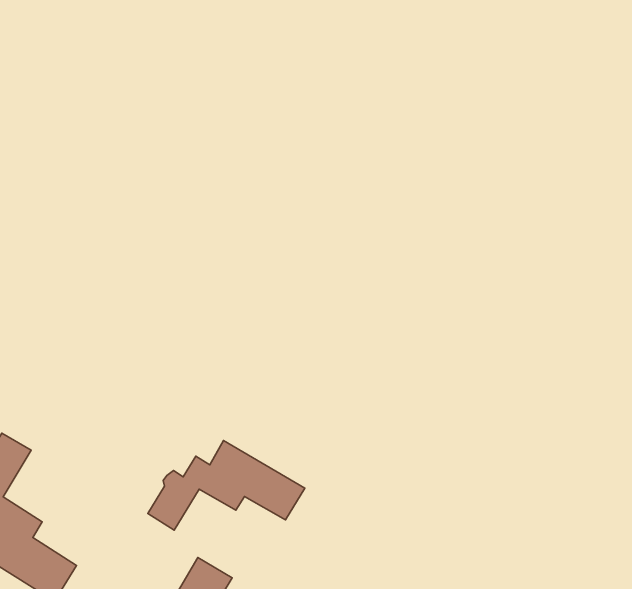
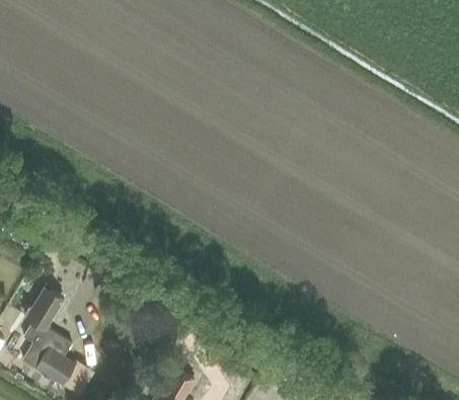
building: [148,441,305,530] -> none

